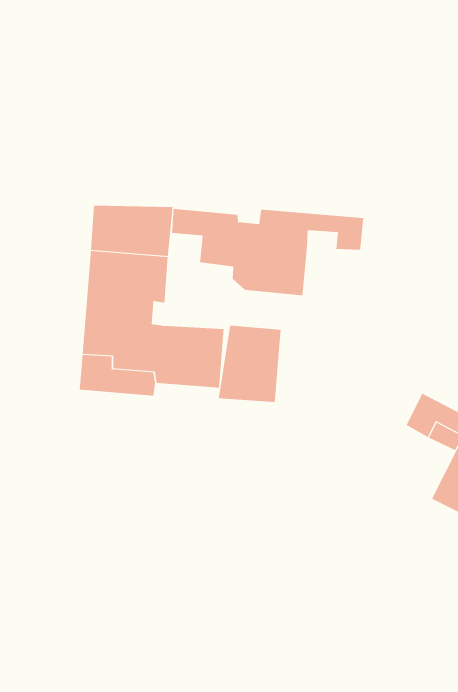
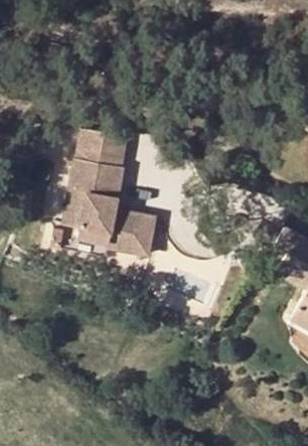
building: [171,208,364,296] -> none
building: [218,325,281,403] -> none

